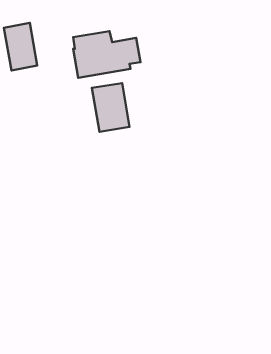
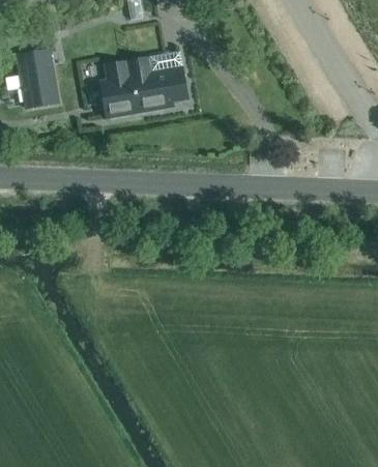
building: [92,83,129,132] -> none

